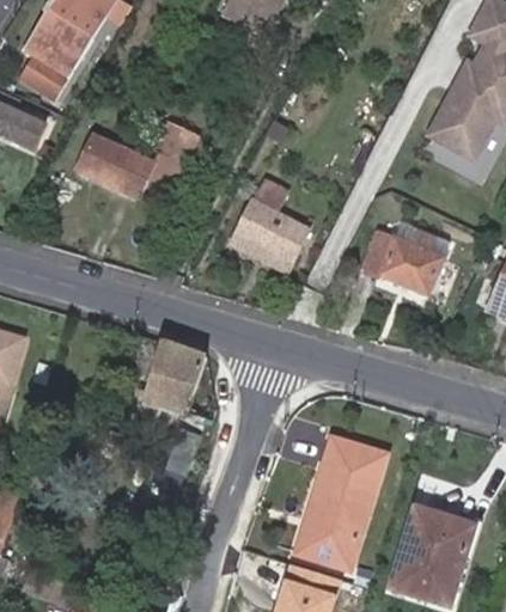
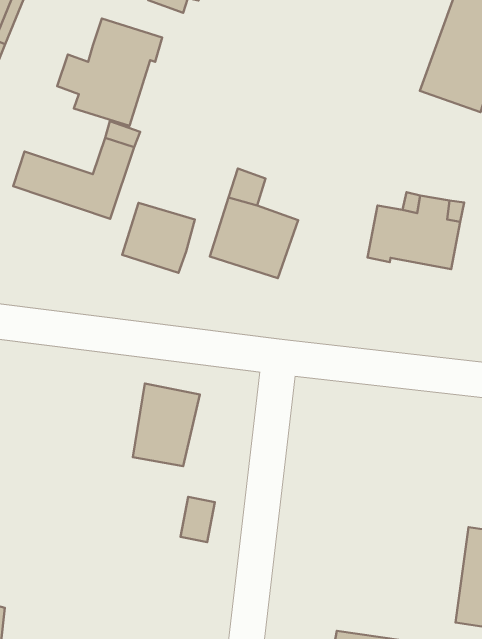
building: none -> [57,18,162,126]
building: none -> [122,203,195,273]
building: [291,430,383,570] -> none

